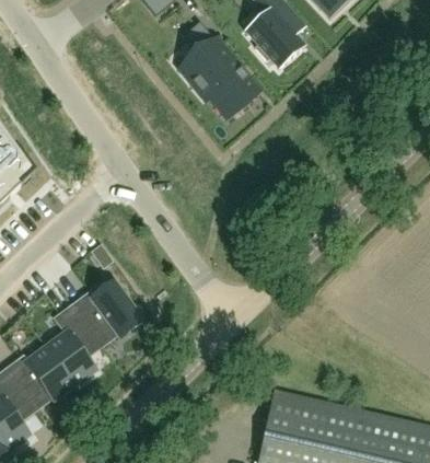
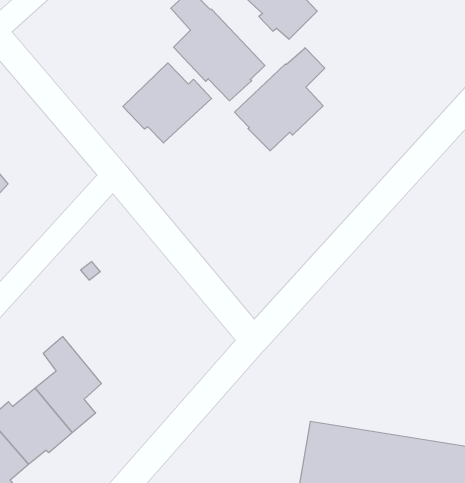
building: none -> [235,48,325,151]
building: none -> [123,63,212,143]
building: [71,281,141,346] -> none

